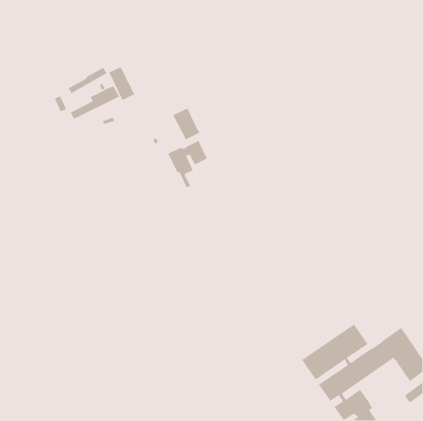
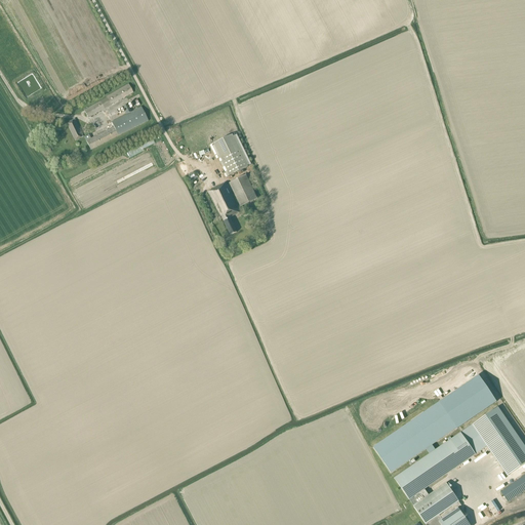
building: [108,66,135,101] -> none
building: none -> [440,373,496,427]

